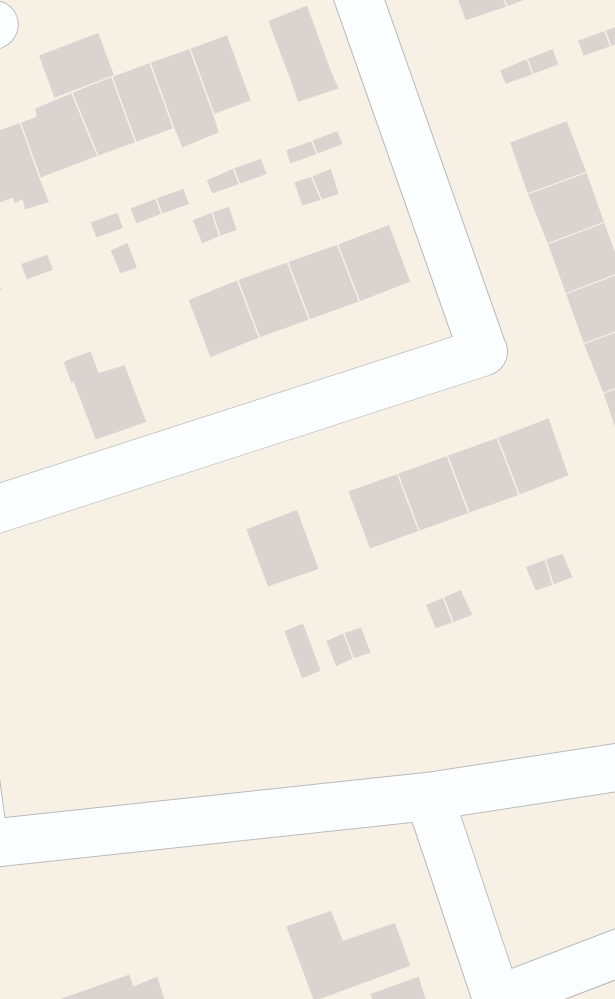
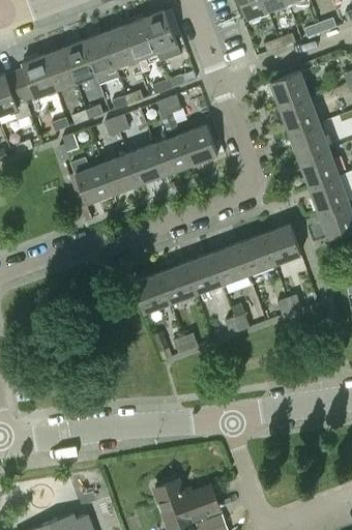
building: none -> [123,19,158,61]
building: [38,32,115,98] -> none
building: [63,350,147,440] -> [70,156,114,203]
building: none -> [159,263,197,303]

